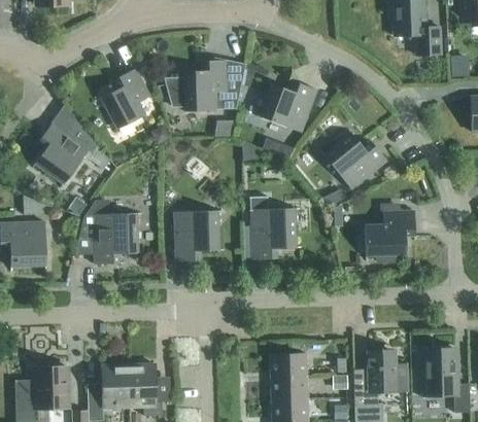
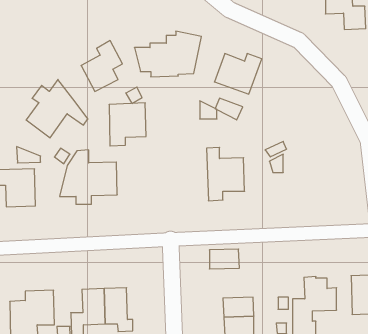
building: [320,129,386,188] -> none
building: [366,203,415,267] -> none
building: [175,210,219,261] -> [109,103,146,146]
building: [271,352,307,376] -> [209,249,239,269]

